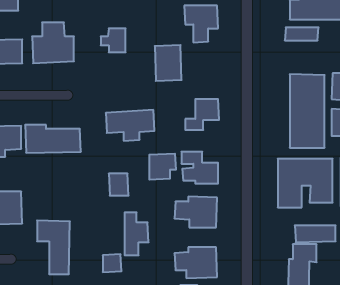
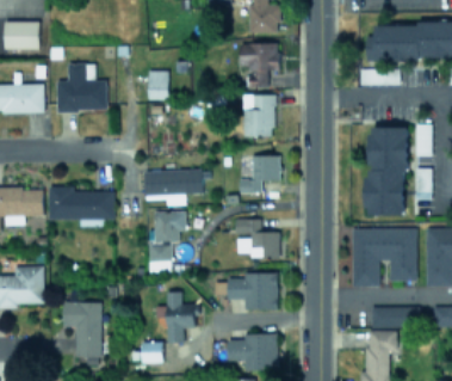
building: [155,45,182,81] -> [242,94,274,137]
building: [149,154,176,180] -> [154,211,186,242]

